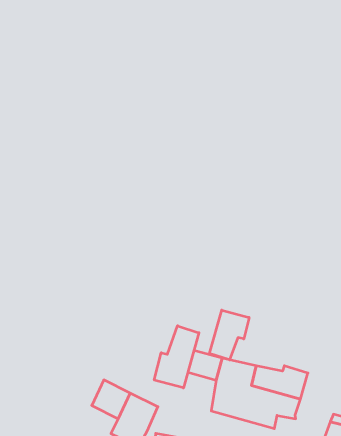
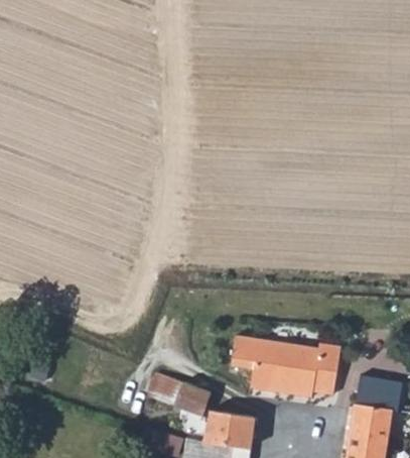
building: [210,310,249,360] -> none
building: [154,326,199,388] -> none

